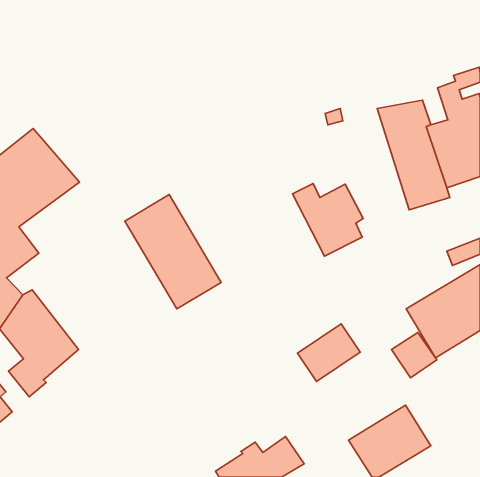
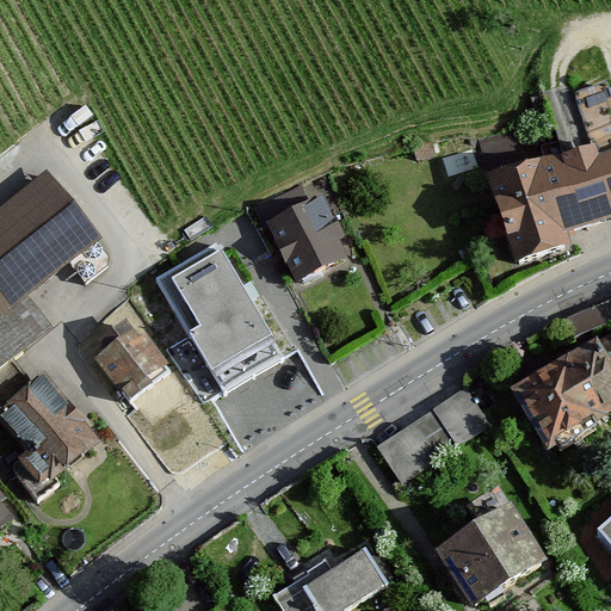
building: [292,183,363,256] -> [255,192,345,284]
building: none -> [94,320,175,401]
building: [391,332,437,378] -> [431,388,488,445]

